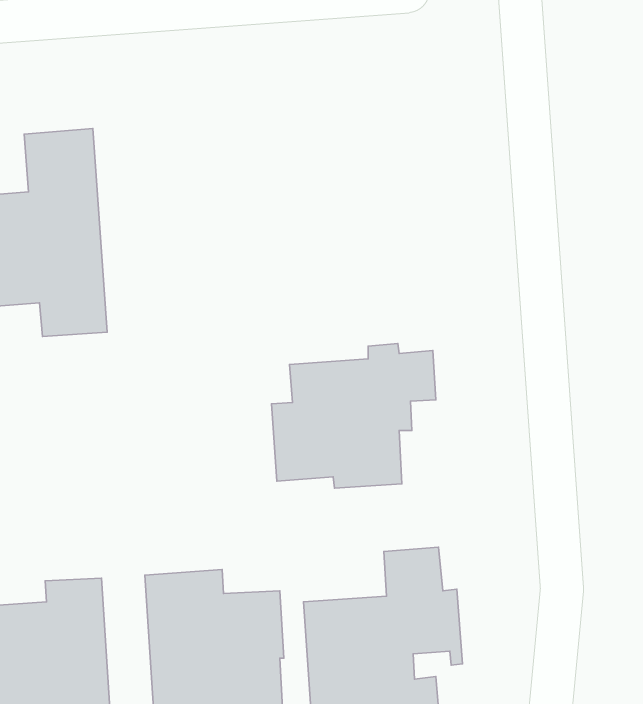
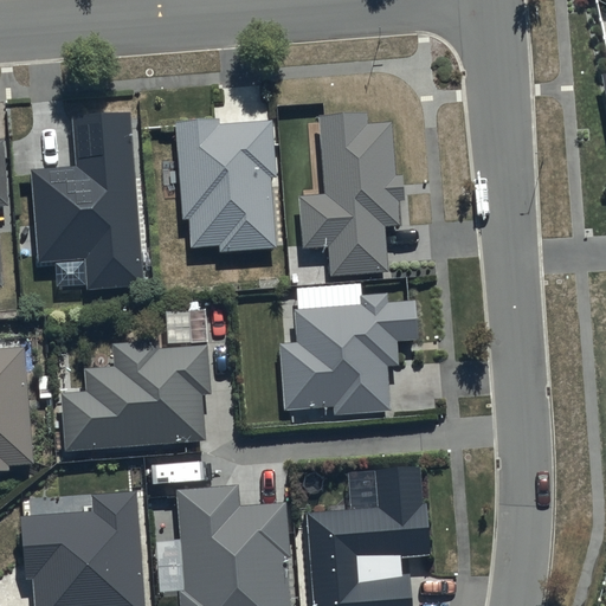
building: none -> [297,112,404,276]
building: none -> [175,120,276,253]
building: none -> [60,341,209,450]

